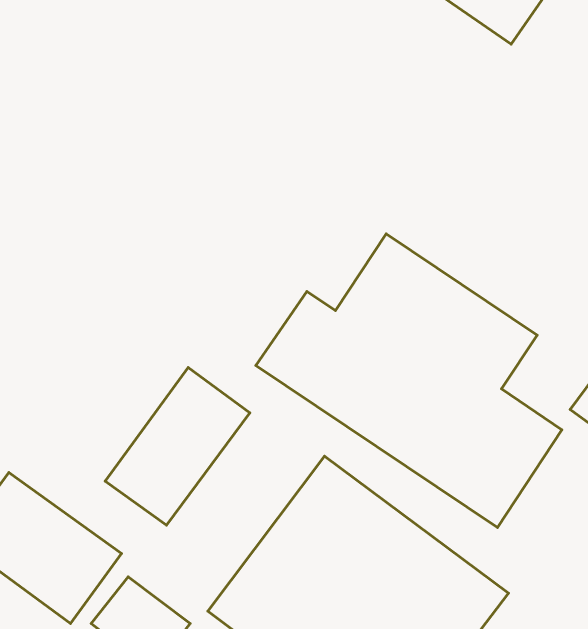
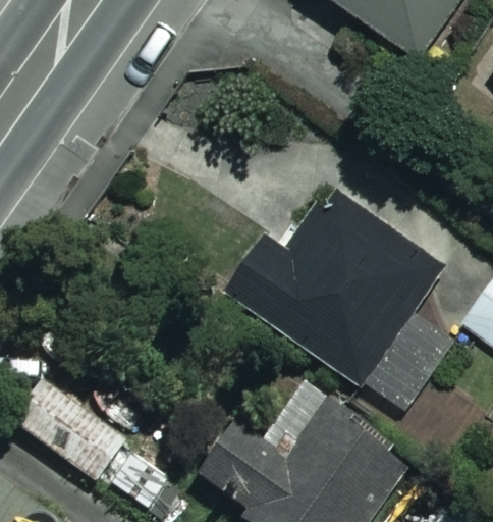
building: [105,367,250,525] -> none

